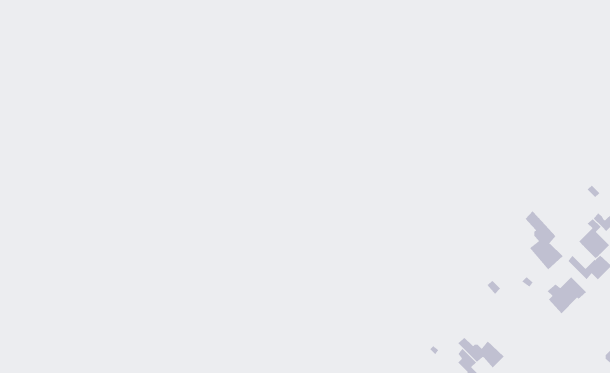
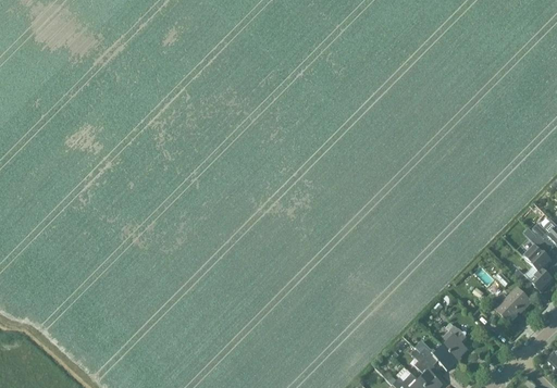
building: [525,210,563,270] -> none
building: none -> [443,322,468,360]

